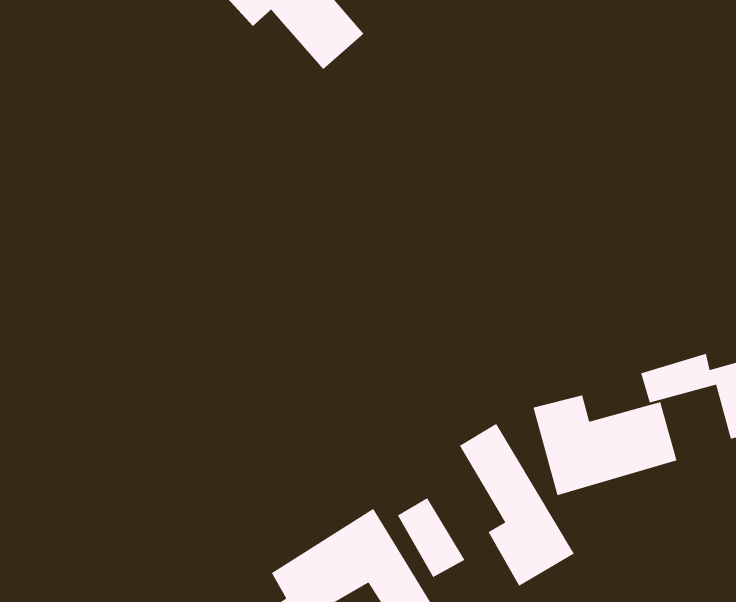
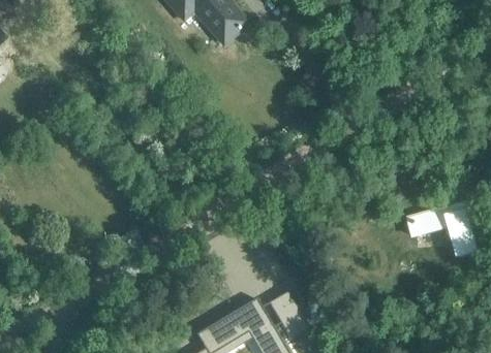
building: [533,395,677,496] -> none
building: [459,423,575,587] -> none

